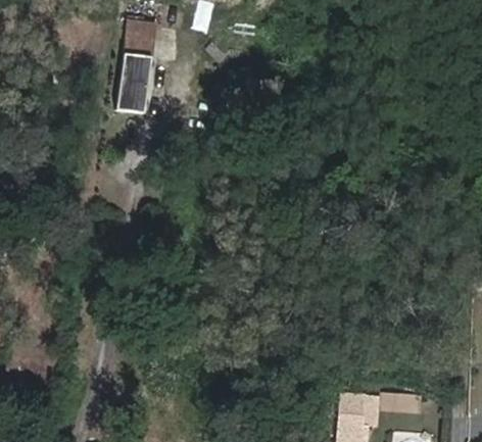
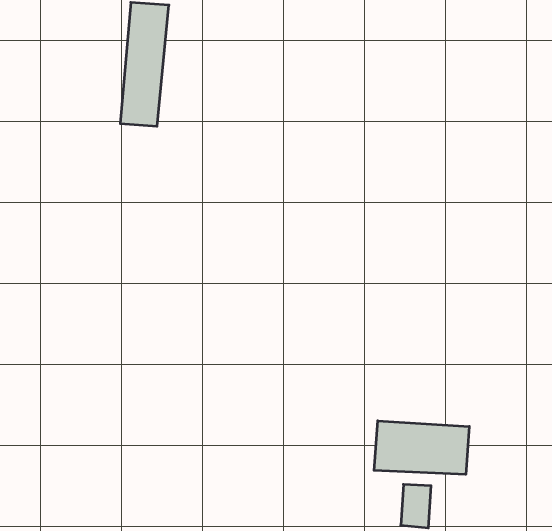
building: none -> [374,421,469,474]

